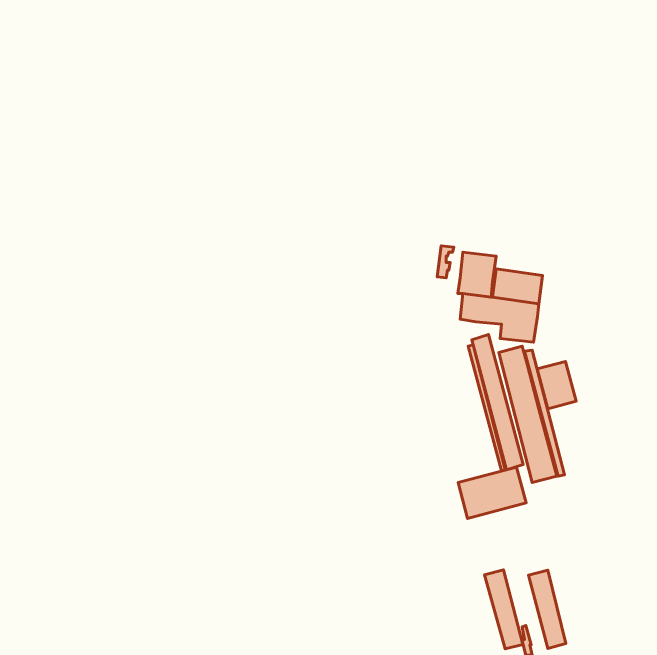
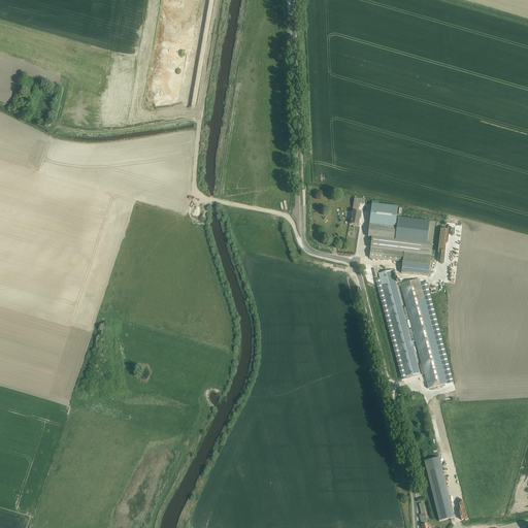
building: [537,361,576,409] -> none
building: [458,467,526,519] -> none
building: [484,570,523,649] -> none

